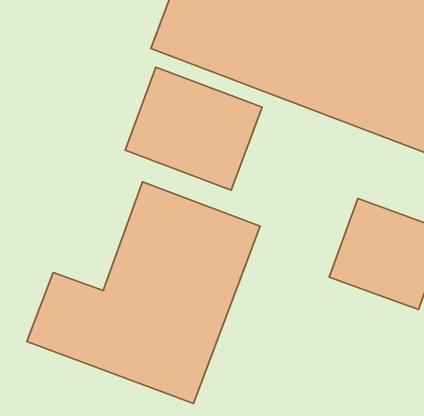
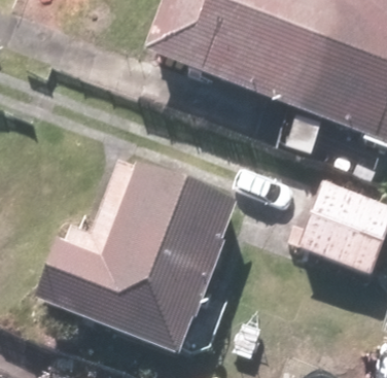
building: [125,67,262,190] -> none

